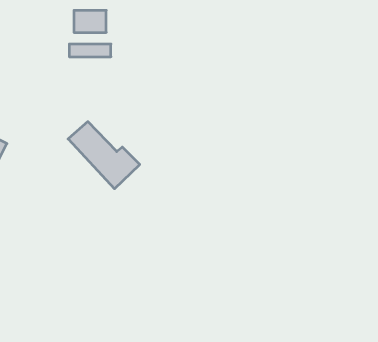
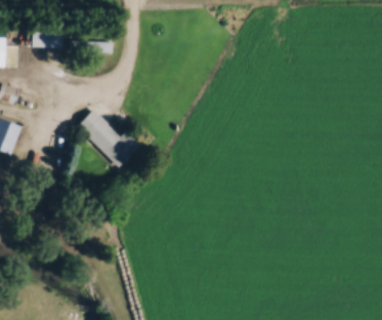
building: [74,10,106,32] -> [36,28,65,47]

